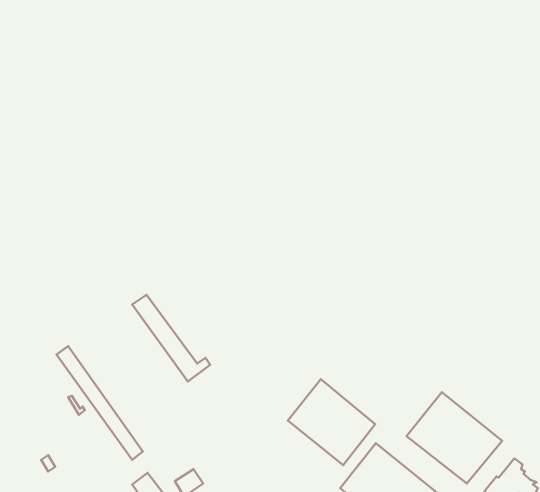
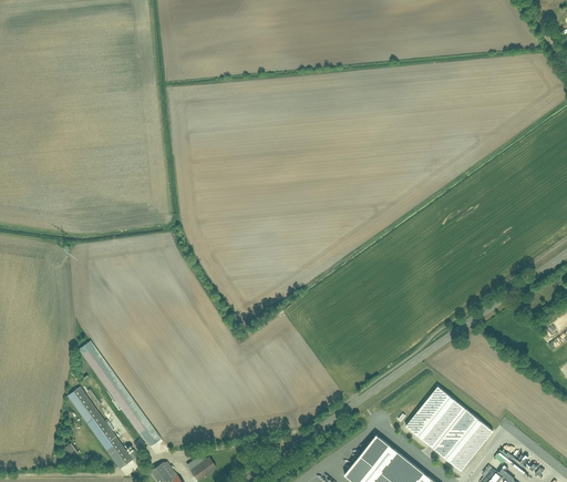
building: [132,295,210,381] -> [68,389,141,470]
building: [288,379,375,465] -> none

